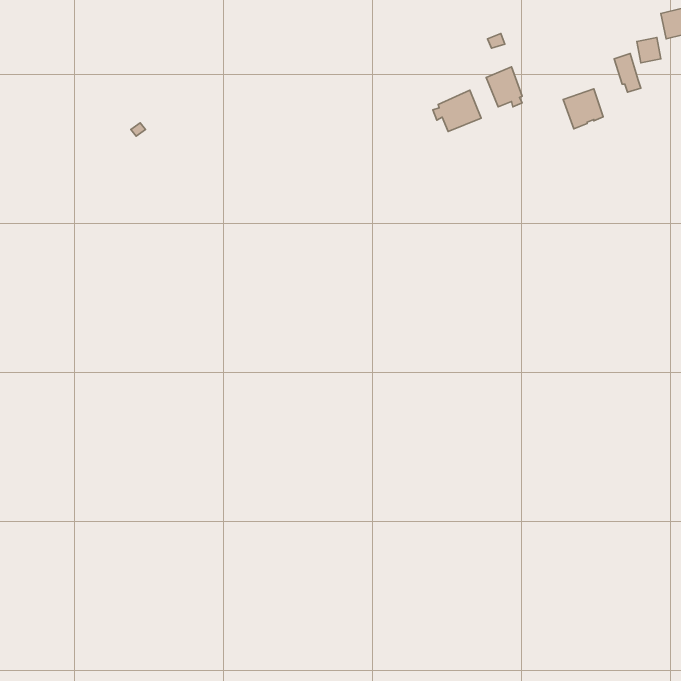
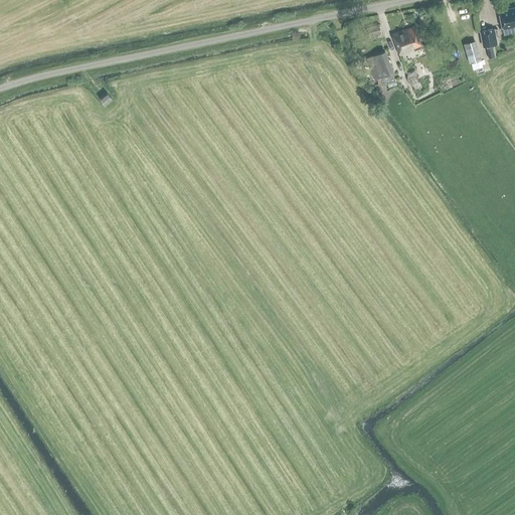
building: [563,89,603,129] -> [392,27,422,57]
building: [433,90,481,132] -> none

